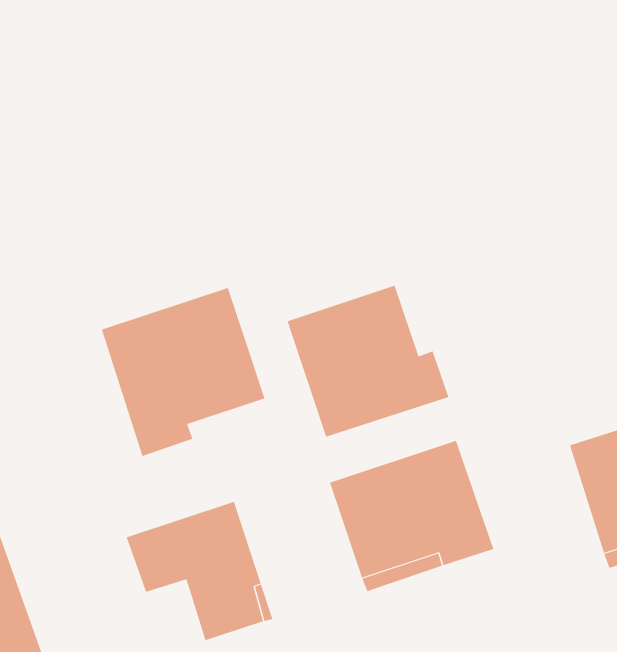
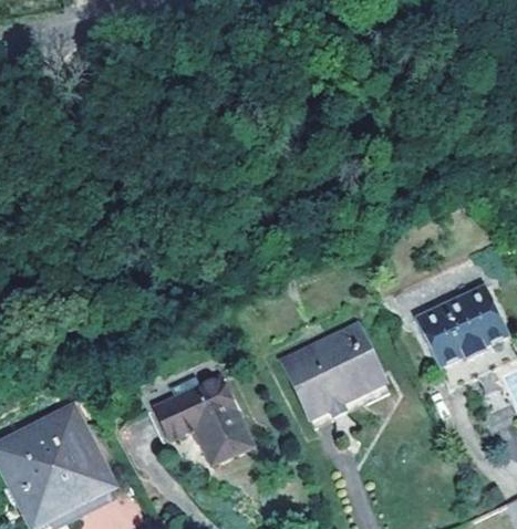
building: [287,285,449,437] -> none
building: [101,287,265,457] -> none

